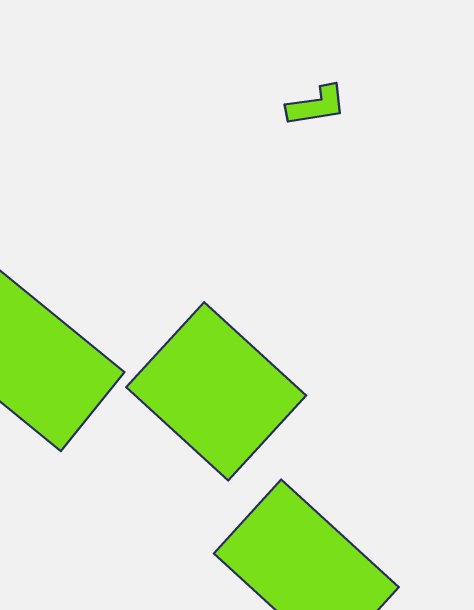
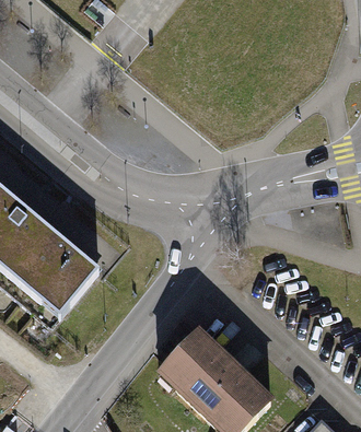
building: [126,302,306,480] -> none

